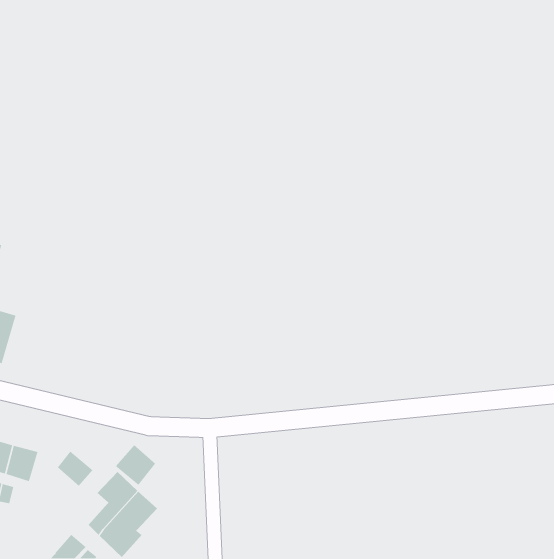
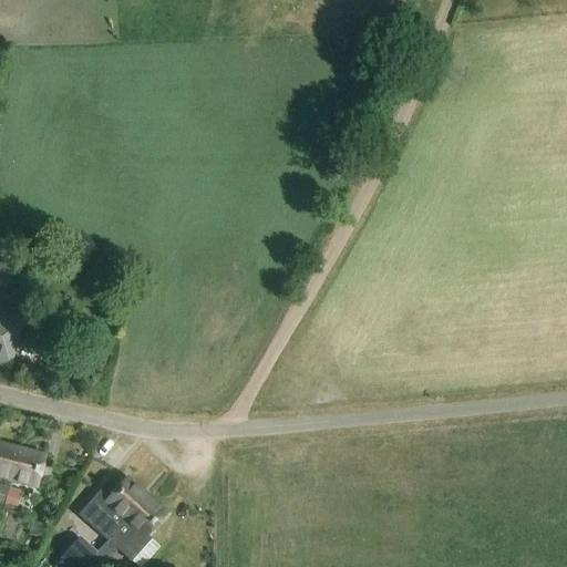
building: [115,444,156,486] -> none
building: [57,451,93,487] -> none

